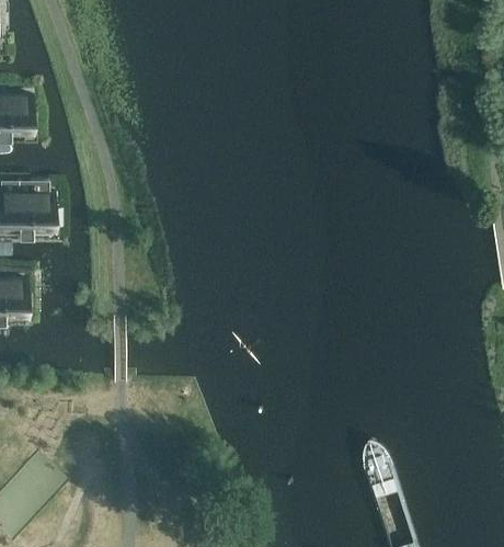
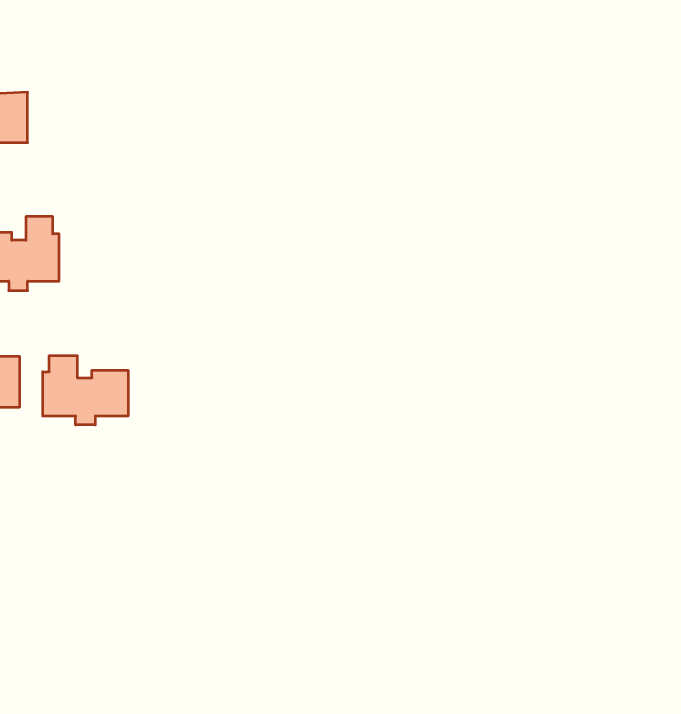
building: none -> [43,356,128,425]

